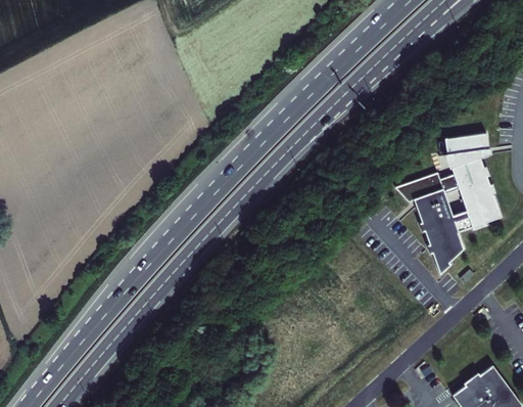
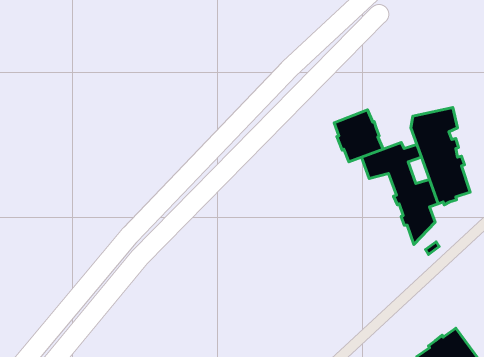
building: none -> [334,110,383,162]

